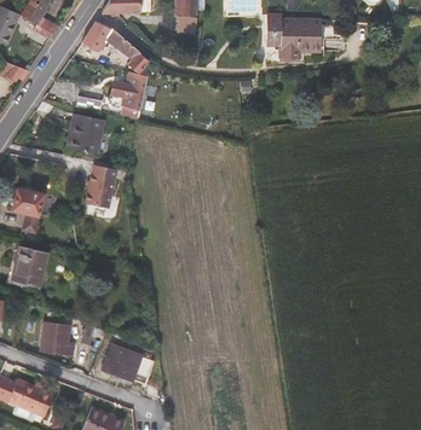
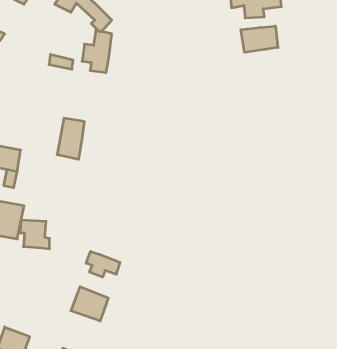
building: none -> [241,26,278,52]
building: [73,112,108,152] -> none
building: none -> [86,251,120,277]
building: [39,321,70,351] -> [20,220,50,249]

